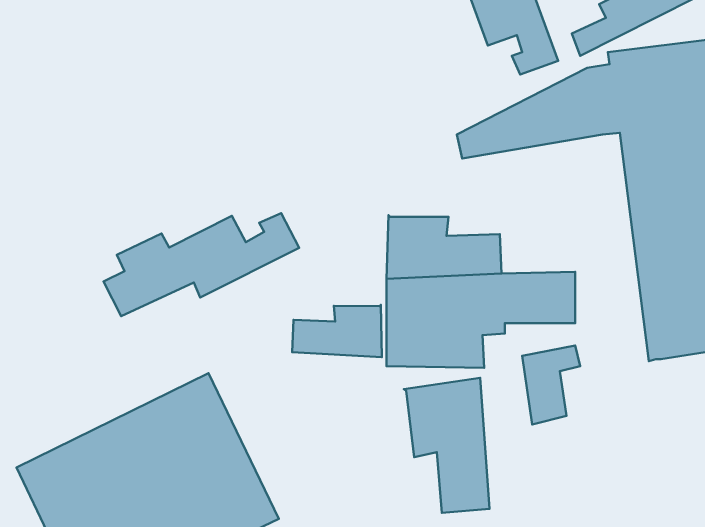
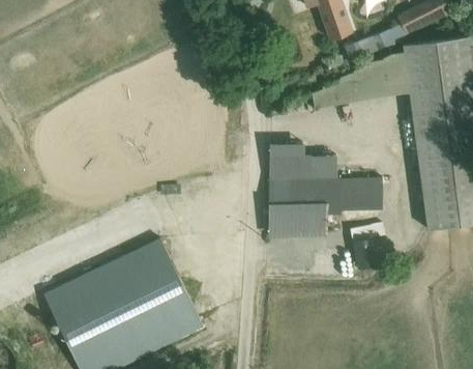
building: [104,213,299,316] -> none
building: [292,305,382,357] -> none
building: [404,378,490,513] -> none

